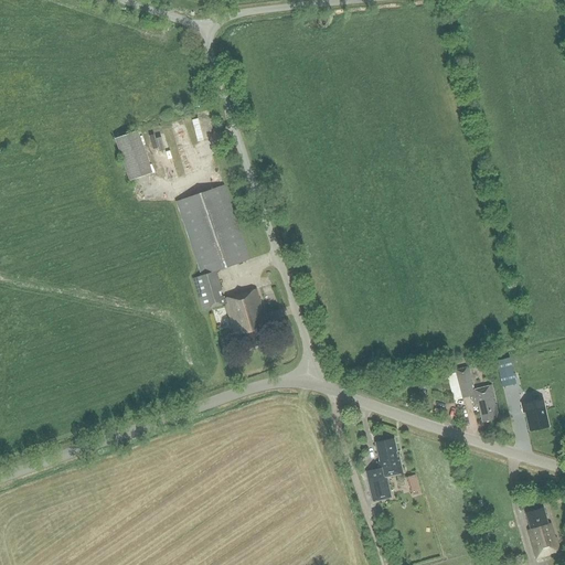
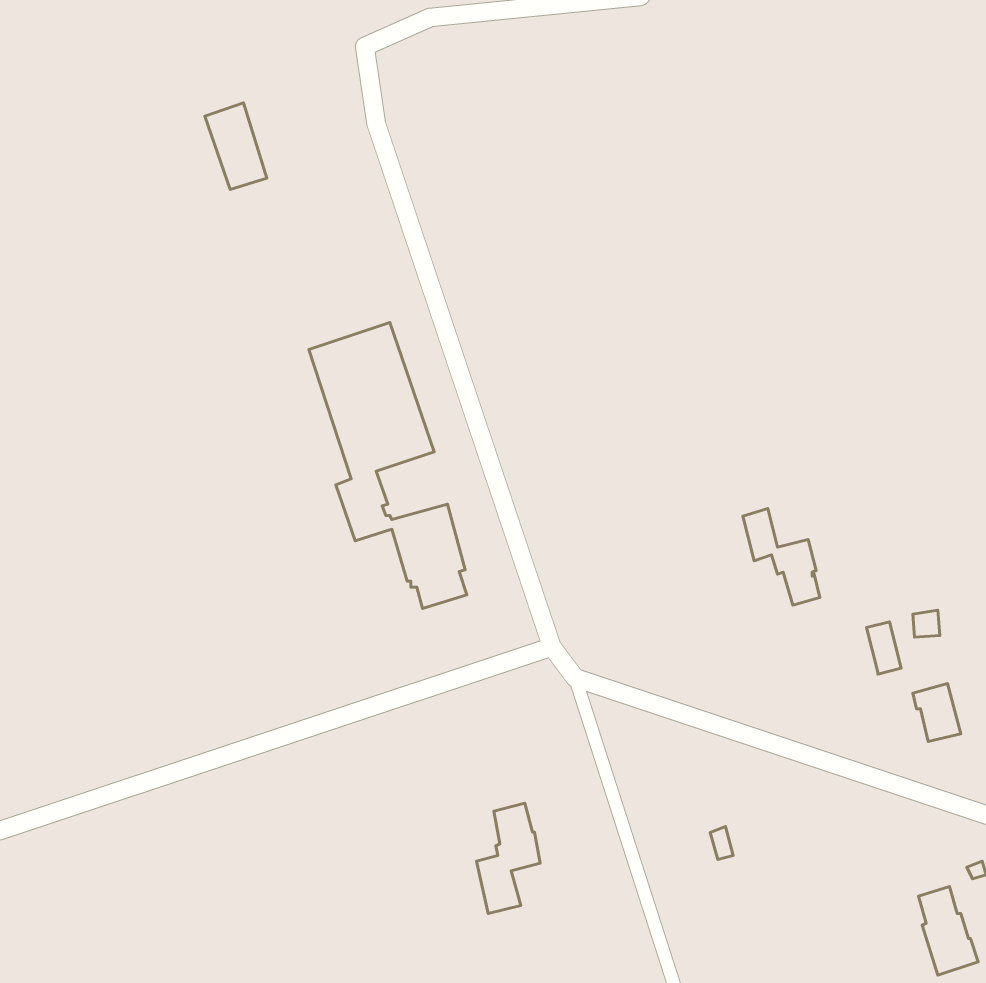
building: [116,128,151,178] -> [205,103,267,190]
building: [454,365,498,420] -> [743,509,820,605]
building: [365,437,402,500] -> [477,803,540,913]

